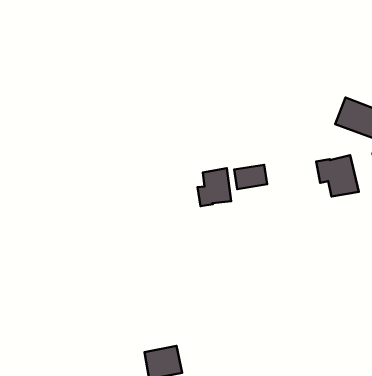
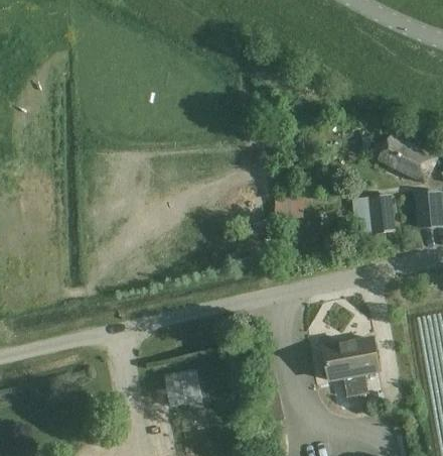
building: [198,168,231,206] -> none
building: none -> [325,341,378,398]

